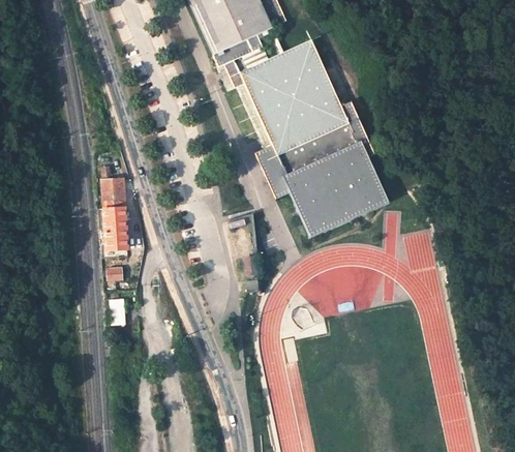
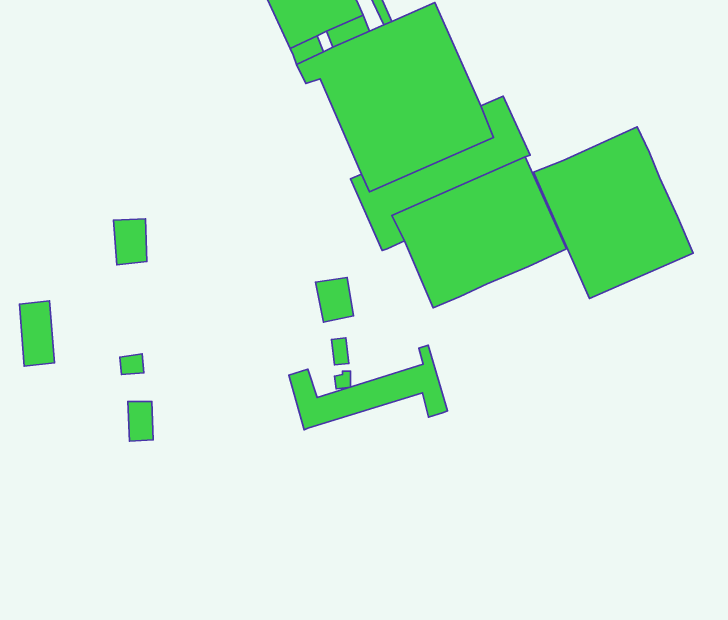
building: none -> [534,127,693,298]
building: [104,207,127,249] -> [19,301,54,366]
building: none -> [289,345,447,430]

